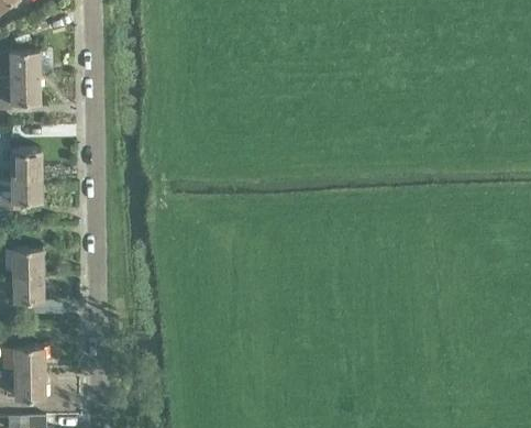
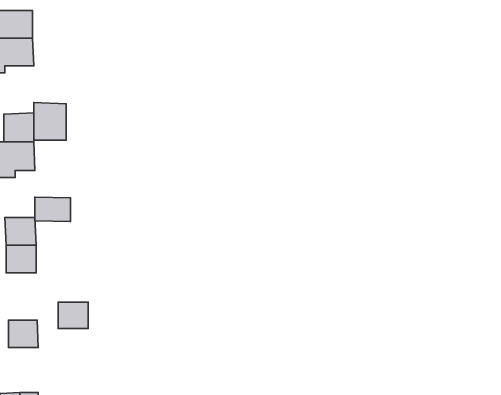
building: none -> [34,103,66,140]
building: none -> [35,197,70,222]
building: [14,374,43,399] -> [58,302,88,329]

